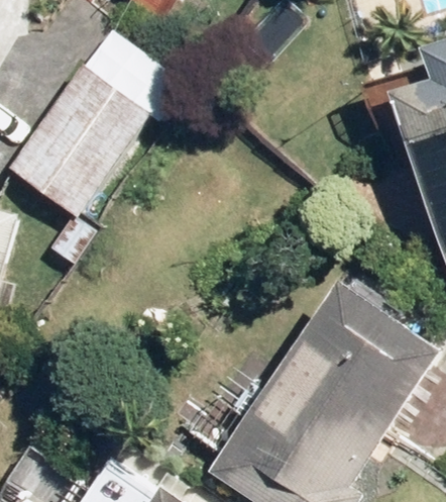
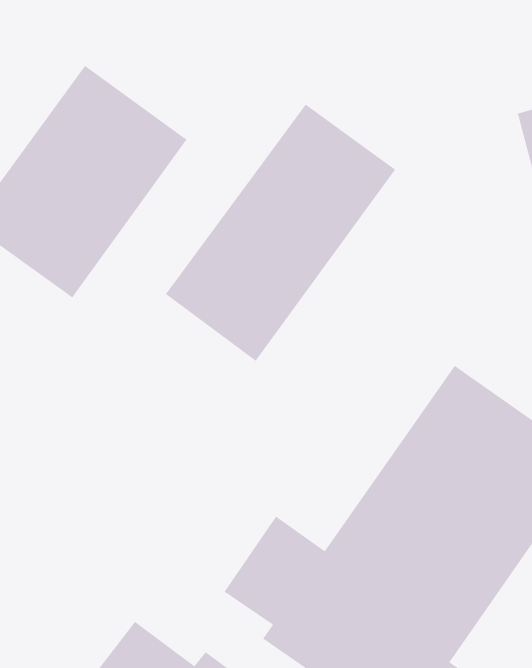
building: none -> [165,103,396,362]

